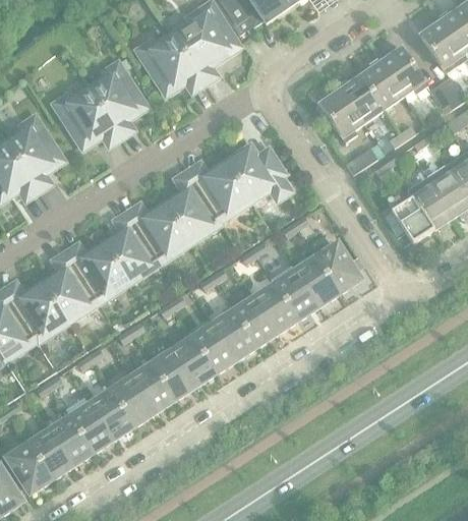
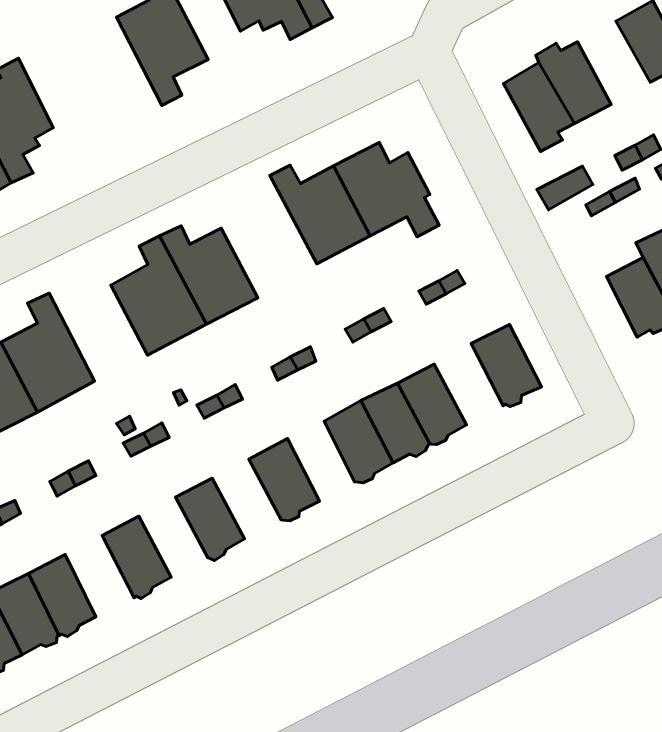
building: [360,56,405,109] -> none
building: [55,86,121,143] -> none
building: [163,170,222,242] -> none
building: [66,243,127,300] -> none
building: [295,256,338,304] -> none
building: [214,310,255,357] -> none
building: [172,337,215,384] -> none
building: [131,363,174,410] -> none
building: [91,390,133,438] -> none

